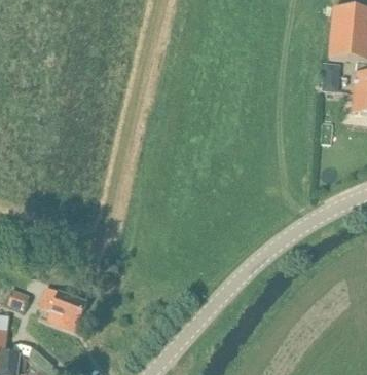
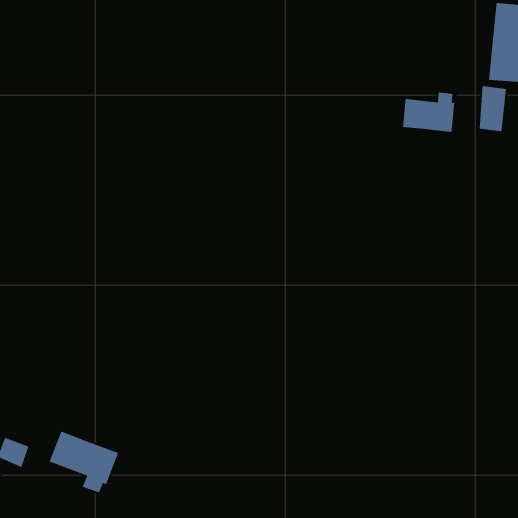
building: none -> [402,91,456,133]

